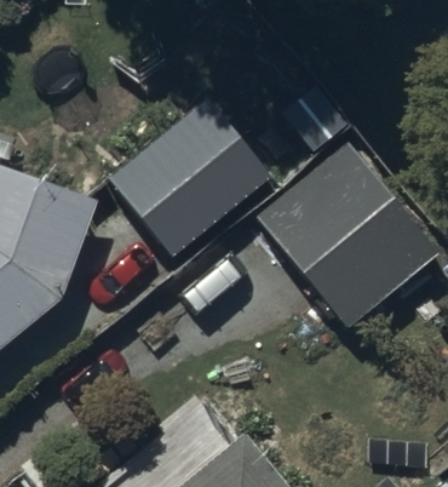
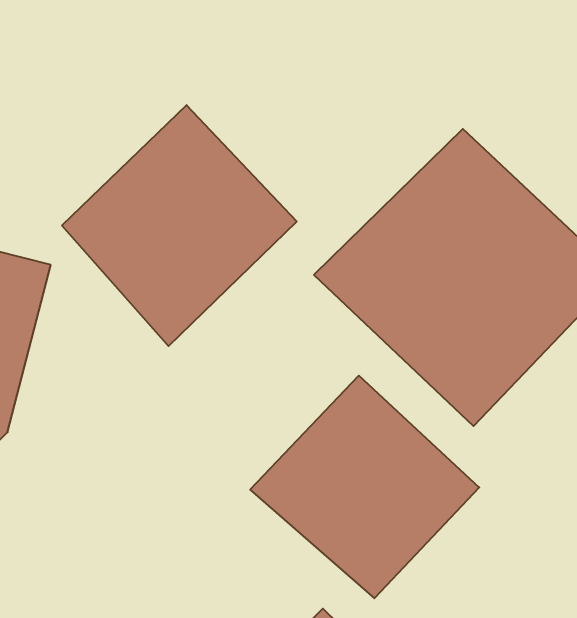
building: none -> [250,376,479,598]

